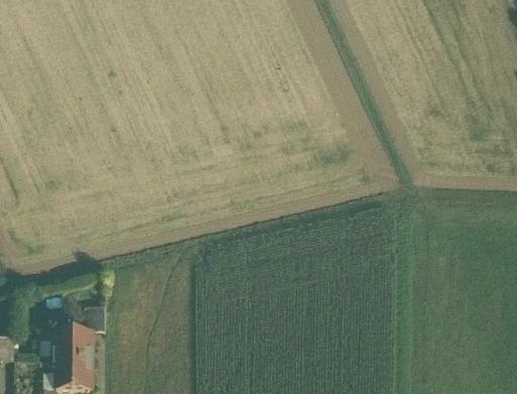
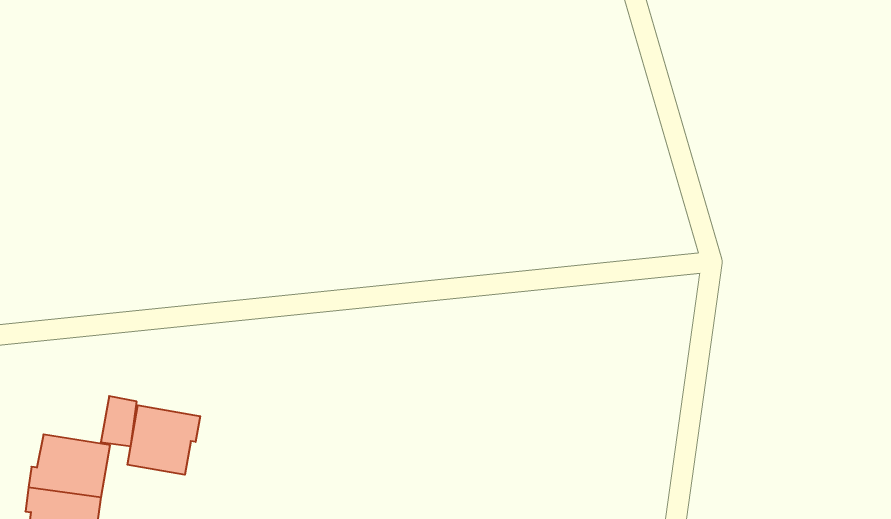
building: none -> [127,405,200,475]

